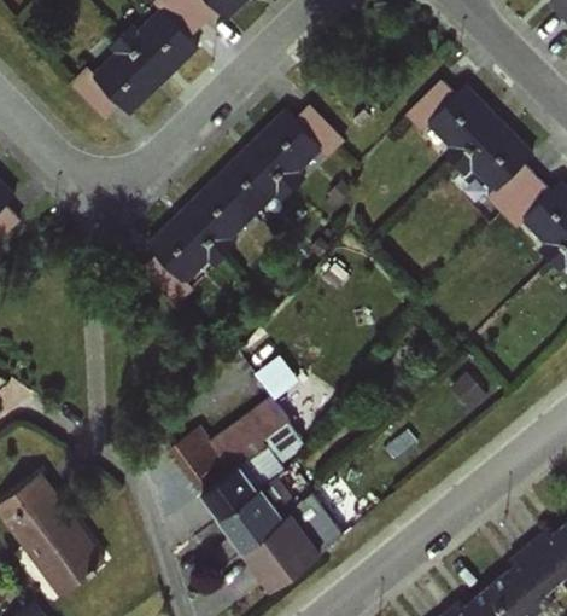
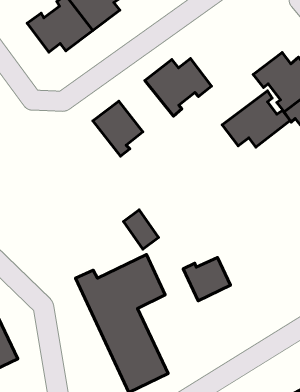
building: none -> [222,91,290,147]
building: [212,144,293,217] -> none
building: [140,210,224,304] -> none
building: none -> [183,257,230,301]

